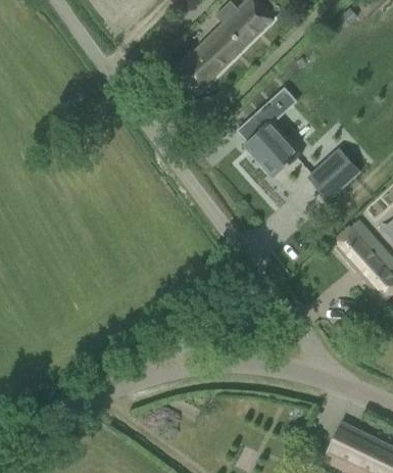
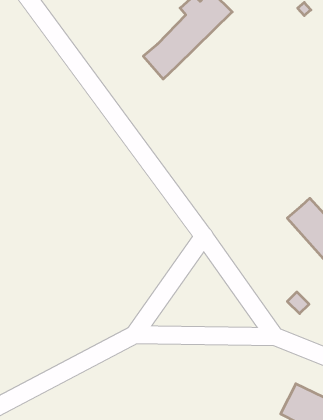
building: [238,98,302,177] -> none
building: [308,148,360,199] -> none

